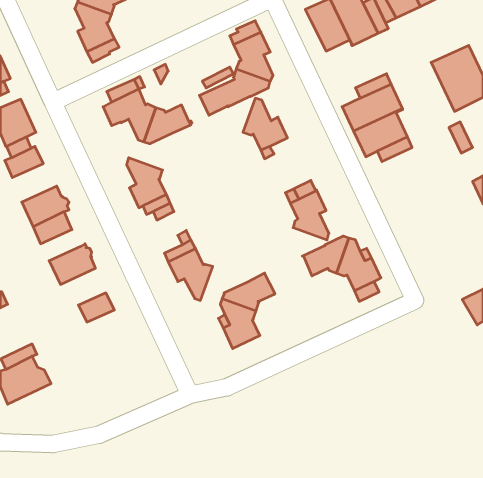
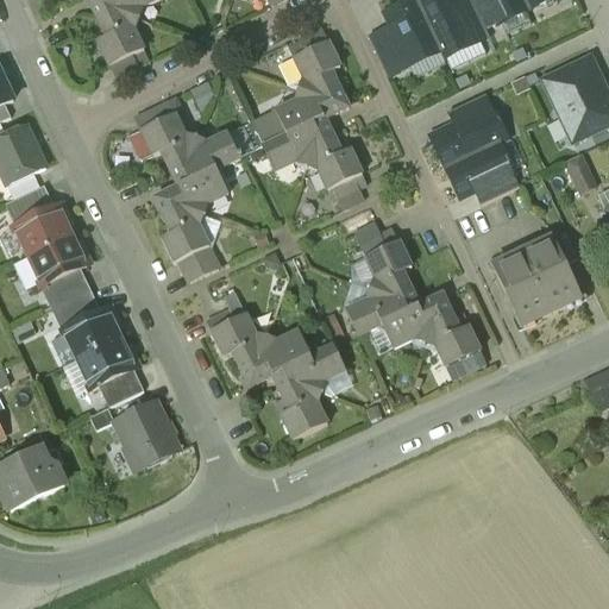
building: none -> [369,26,410,75]
building: none -> [263,121,321,170]
building: none -> [162,168,227,214]
building: none -> [13,203,71,255]
building: none -> [492,236,582,325]
building: none -> [346,287,412,334]
building: none -> [51,289,101,328]
building: none -> [252,329,310,381]
building: none -> [76,338,136,389]
building: none -> [92,397,182,471]

